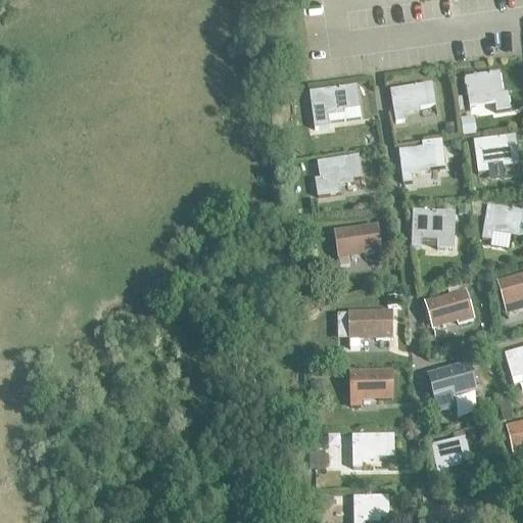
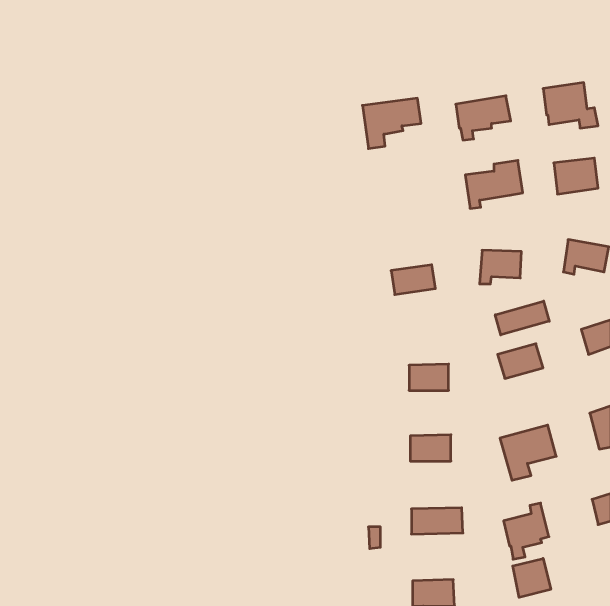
building: [316,153,363,195] -> none
building: none -> [495,301,549,335]
building: none -> [513,558,551,597]

